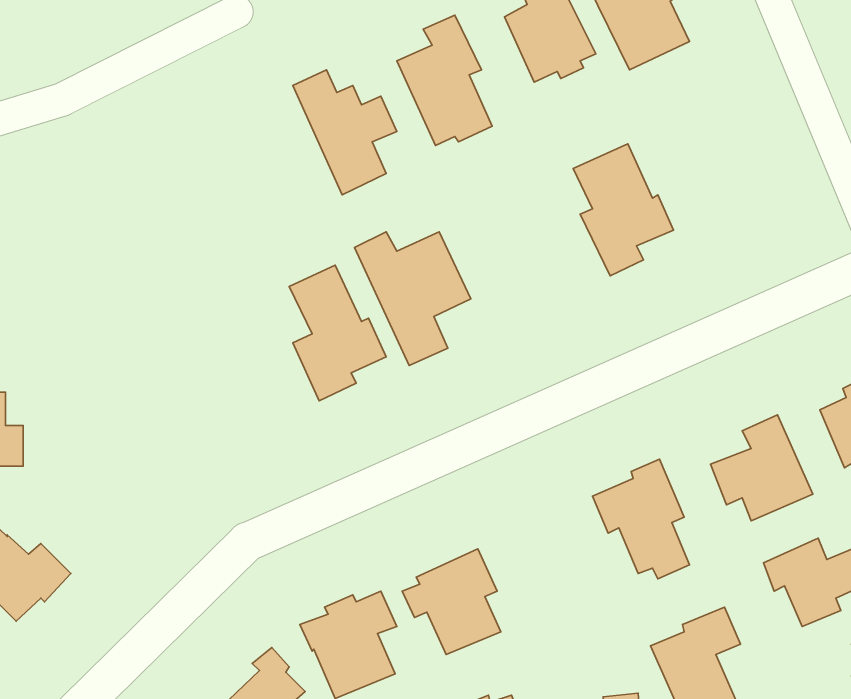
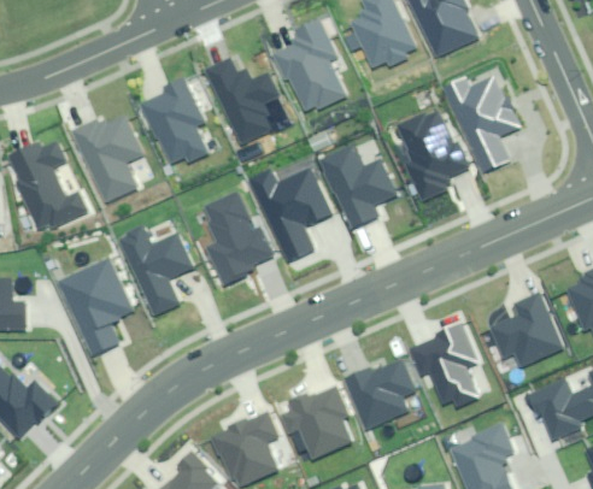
building: none -> [446,75,519,170]
building: none -> [145,77,207,161]
building: none -> [76,114,140,200]
building: none -> [13,140,88,228]
building: none -> [321,142,395,225]
building: none -> [122,226,192,313]
building: none -> [60,258,134,353]
building: none -> [348,359,415,426]

